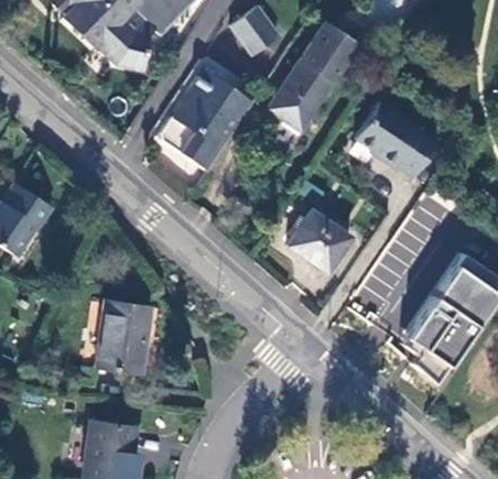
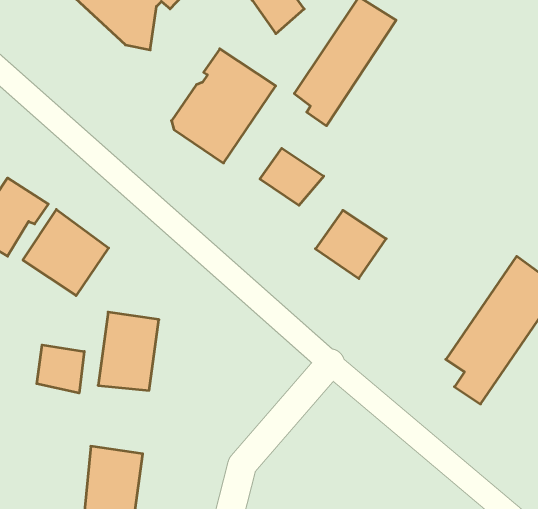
building: [356,101,439,176] -> none
building: none -> [260,148,324,205]
building: none -> [23,209,109,296]
building: none -> [37,345,84,393]

